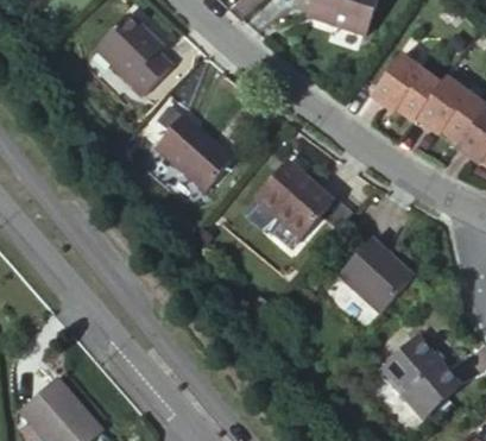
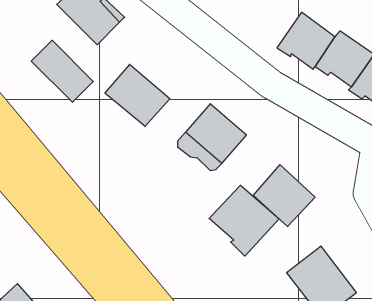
building: none -> [31,40,93,102]
building: none -> [209,185,279,256]

